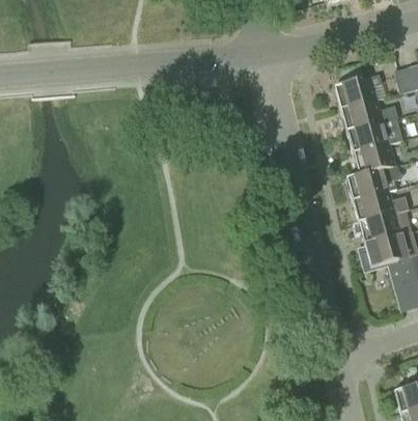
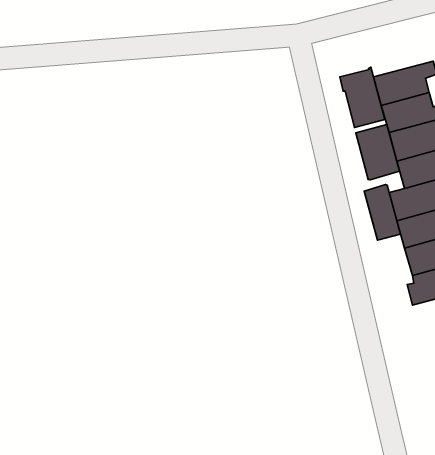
building: none -> [340,67,385,127]
building: none -> [356,125,399,180]
building: none -> [364,185,400,240]

